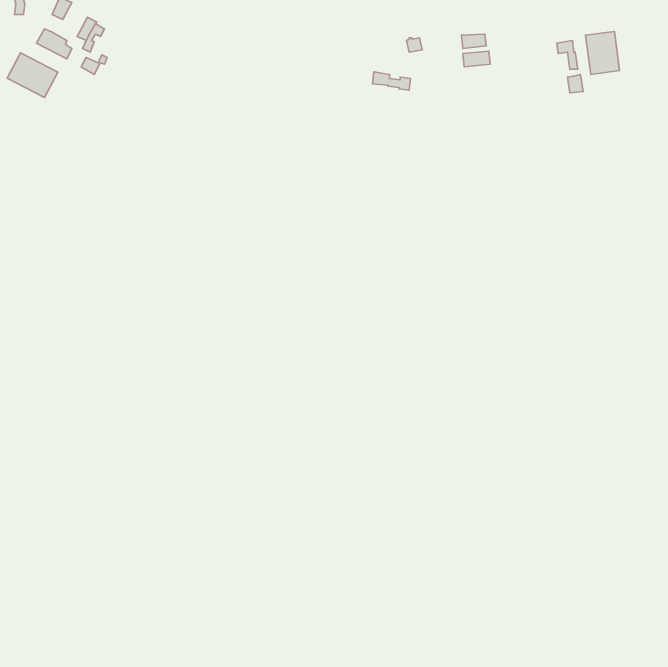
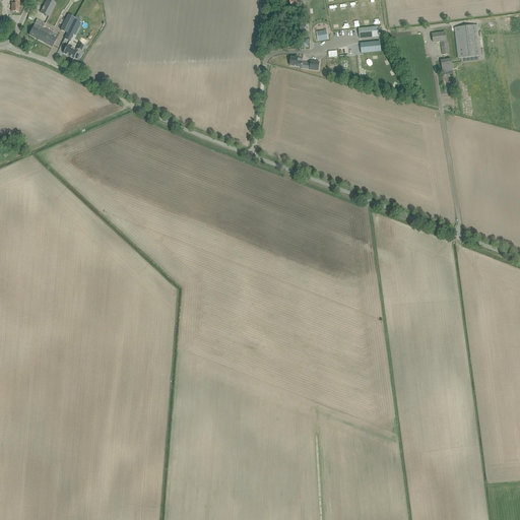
building: [7,53,58,98] -> none

